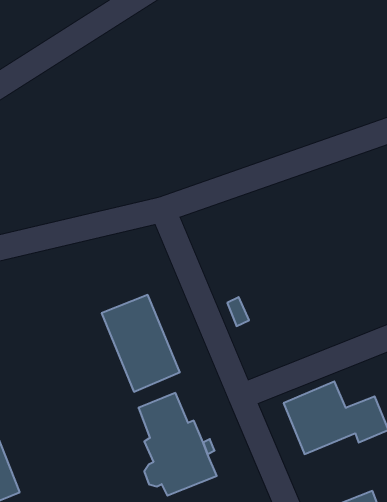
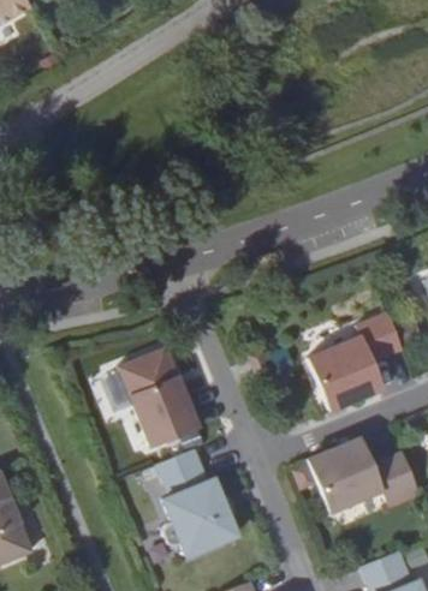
building: none -> [307,314,403,412]

